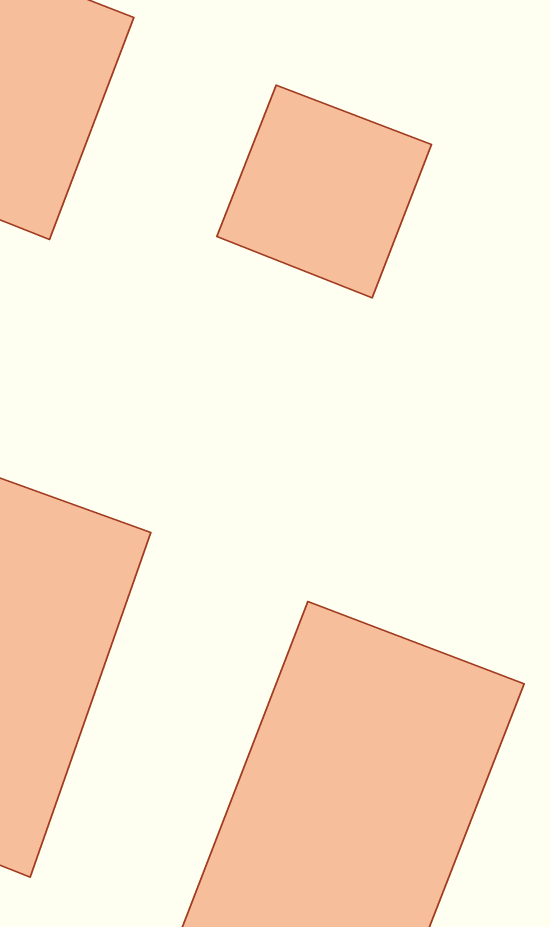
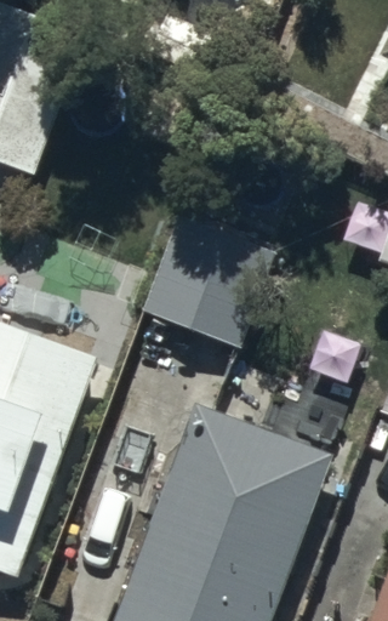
building: [217,85,431,298] -> [141,213,276,348]

